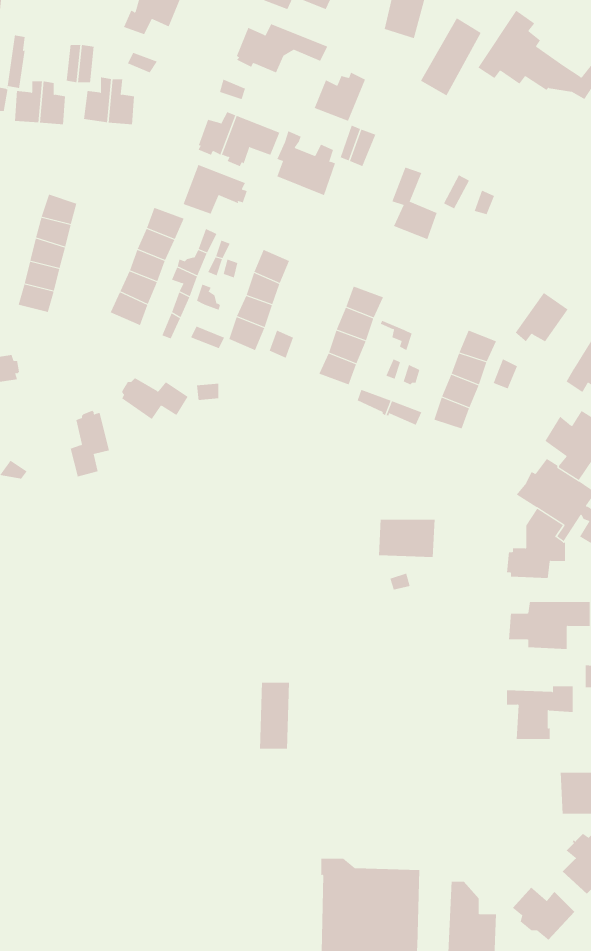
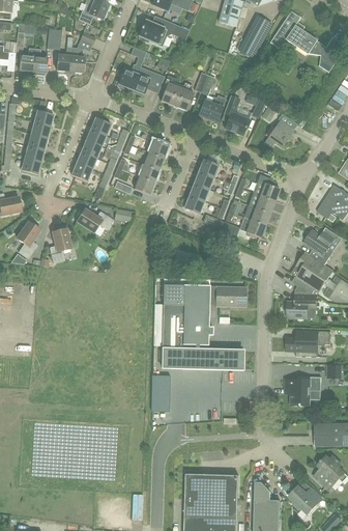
building: [314,72,366,122] -> [198,94,226,121]
building: [183,164,248,215] -> none
building: [515,292,568,342] -> [264,119,293,146]
building: none -> [16,220,39,257]
building: none -> [161,283,241,368]

